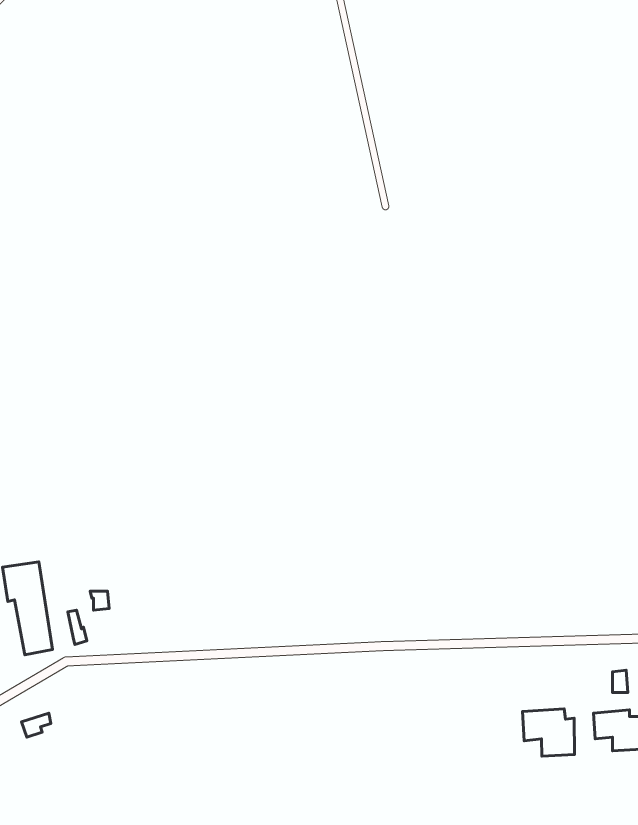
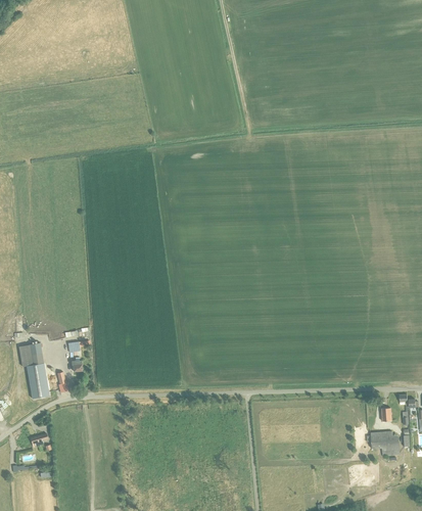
building: [522,709,575,756] -> none

